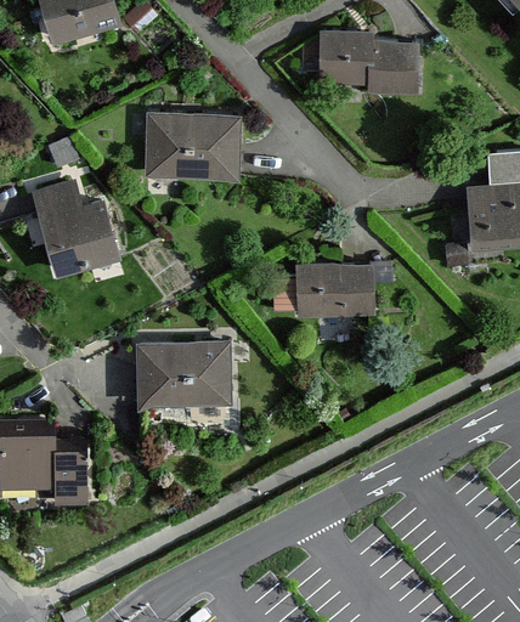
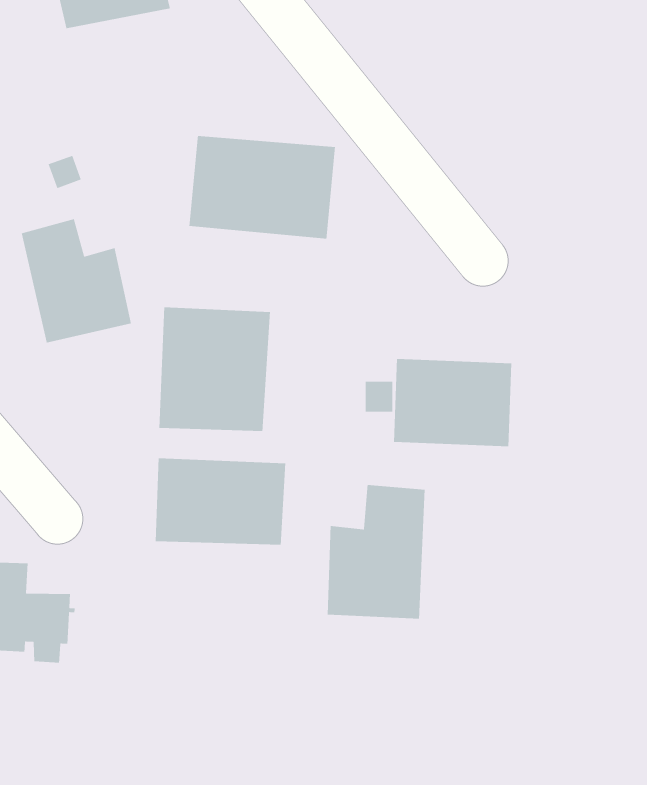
building: [318,32,414,87] -> none
building: none -> [158,306,271,432]
building: none -> [327,484,425,619]

